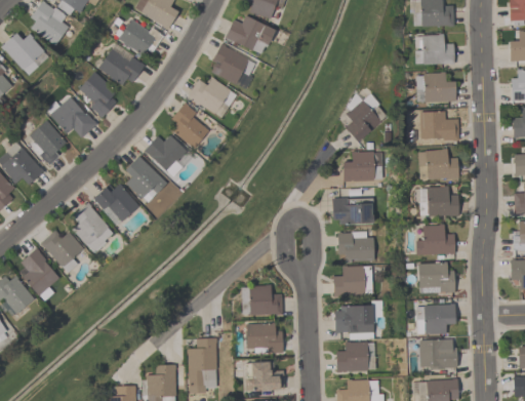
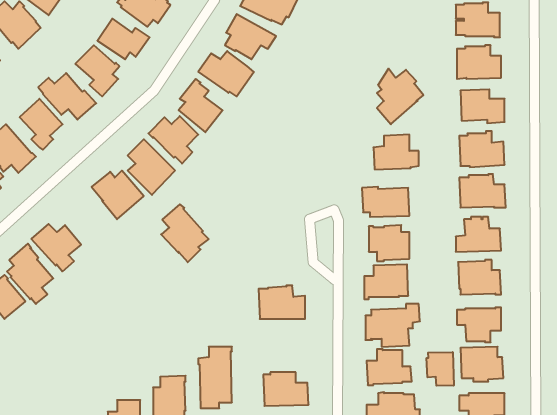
building: [72,202,114,253] -> [161,204,209,262]
building: [246,323,282,353] -> none
building: none -> [427,352,454,386]

